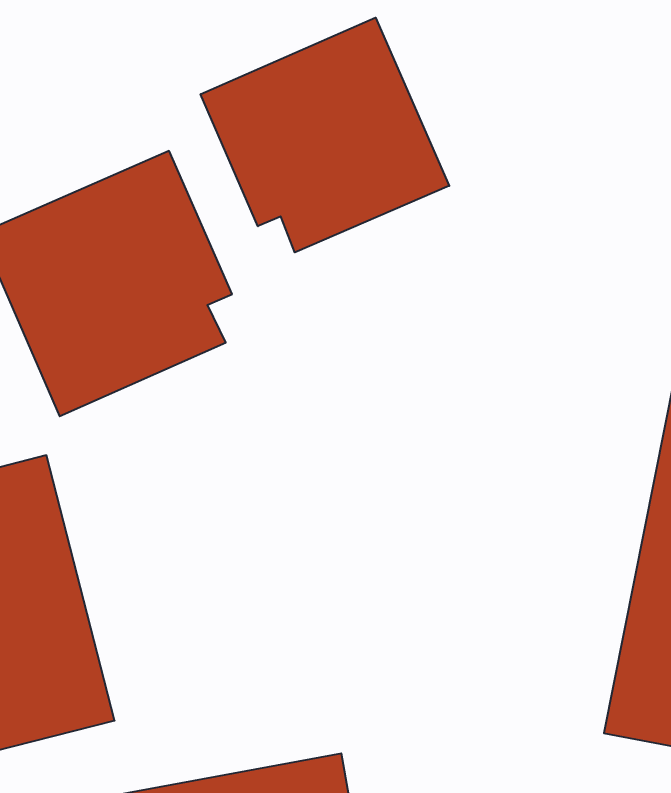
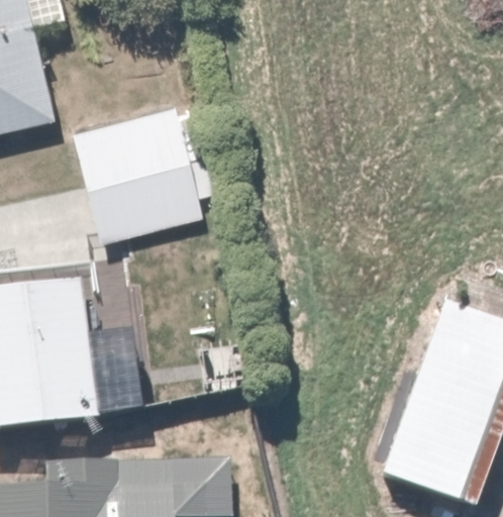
building: [201,18,449,252] -> none

